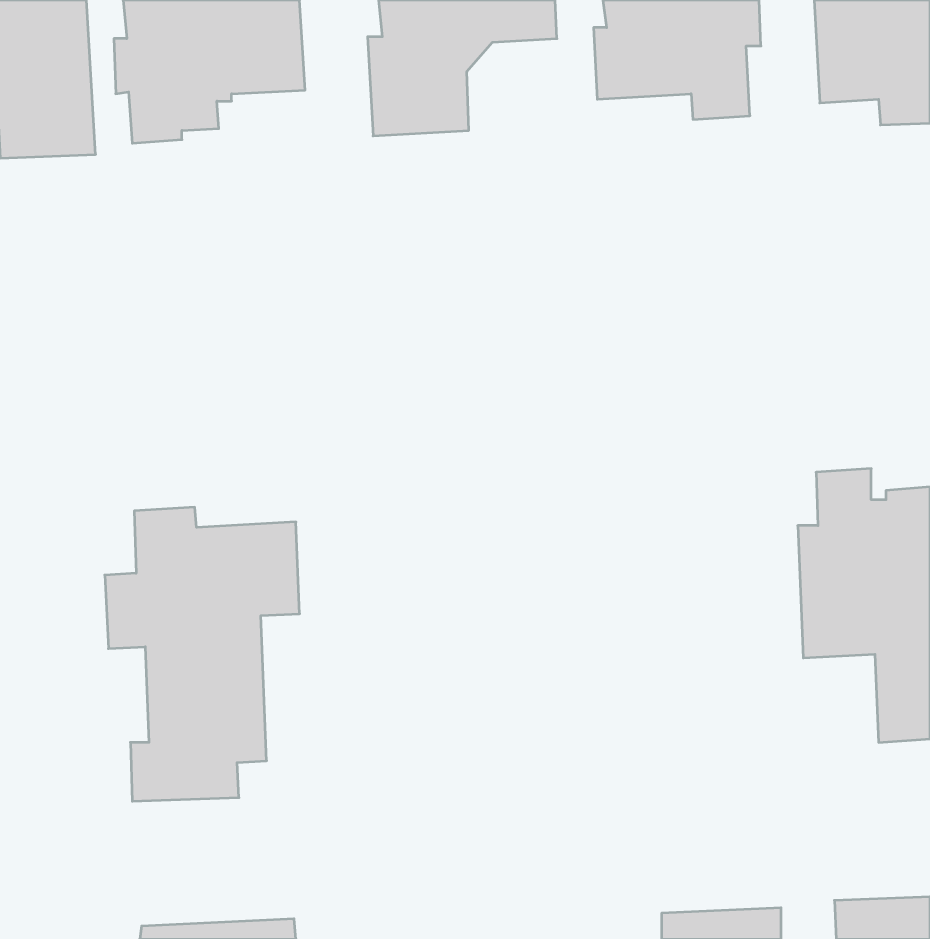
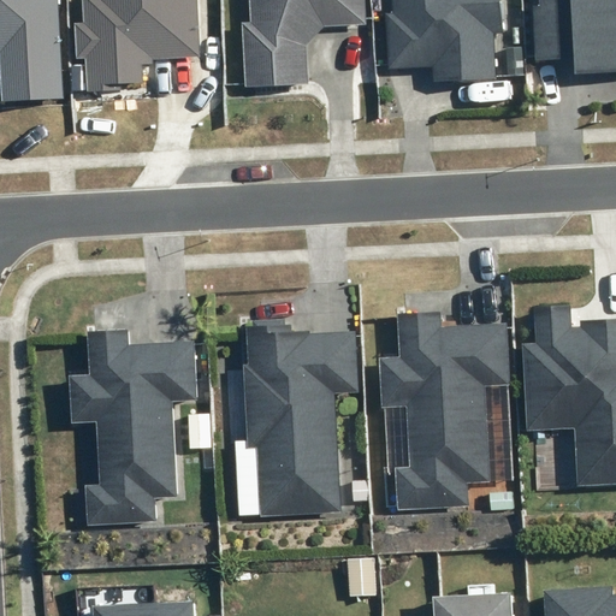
building: none -> [378,313,509,510]
building: none -> [242,320,357,517]

